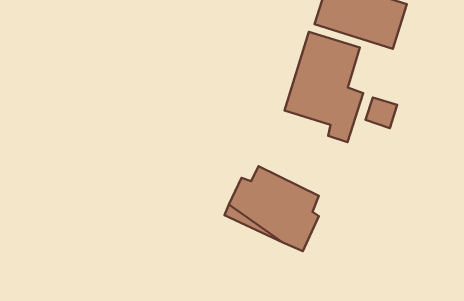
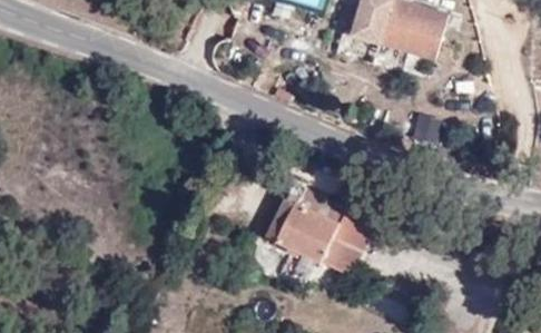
building: [284,32,363,142] -> none

